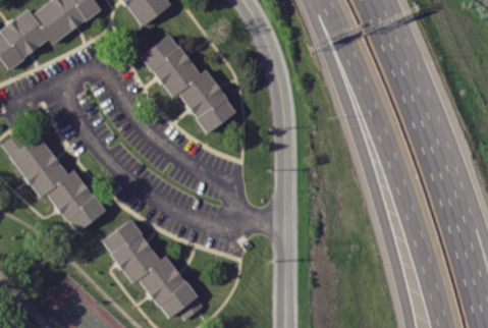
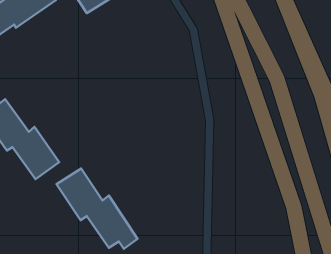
building: [142,34,237,133] -> none

